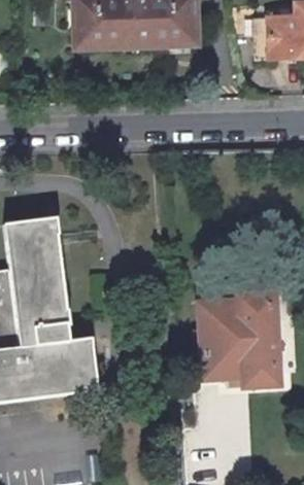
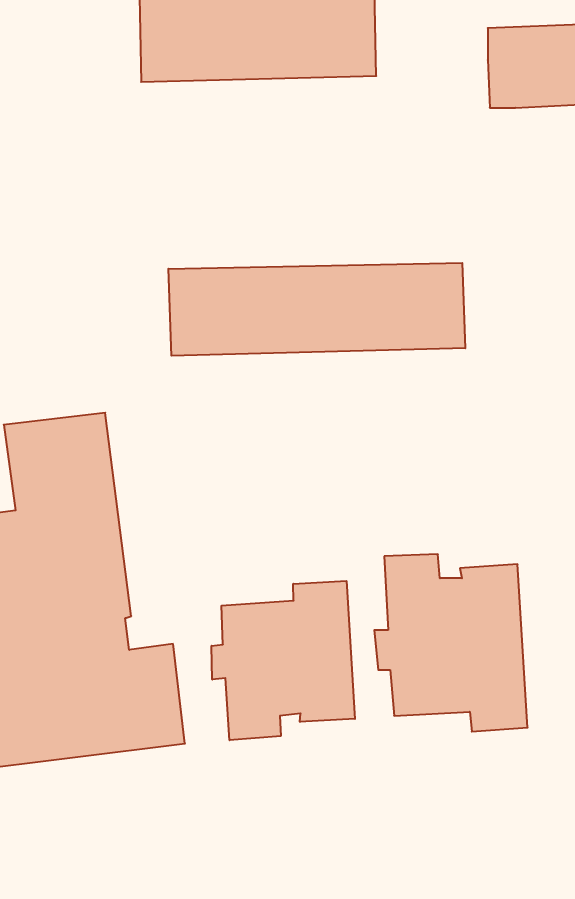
building: none -> [168,263,465,356]
building: none -> [212,581,355,740]

